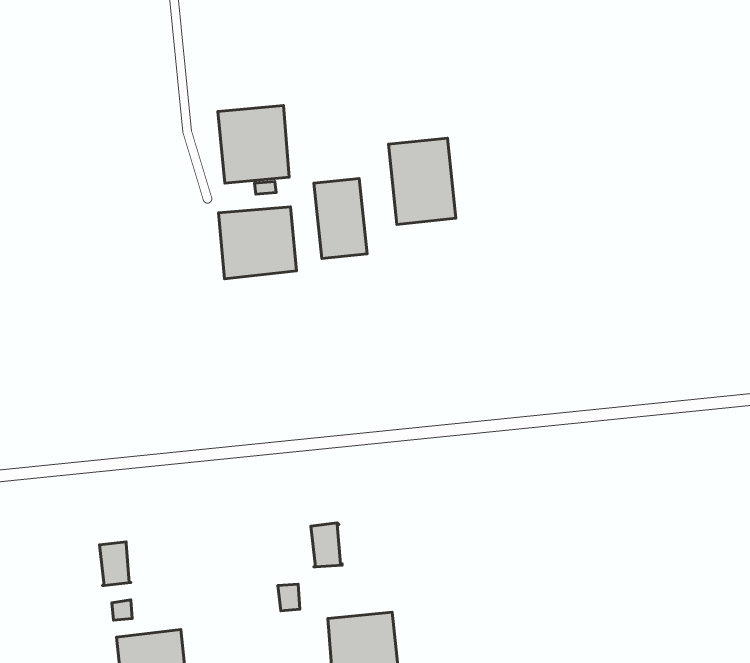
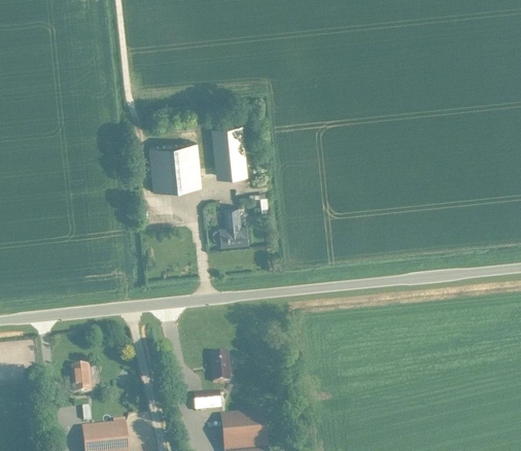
building: [218,105,289,183] -> none
building: [389,138,456,224] -> none
building: none -> [213,209,248,248]

